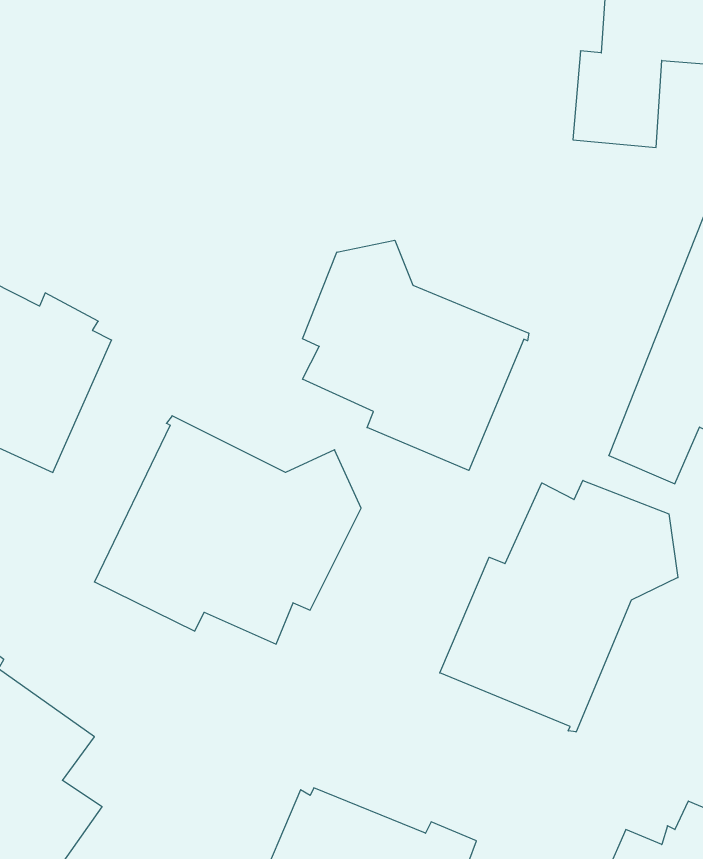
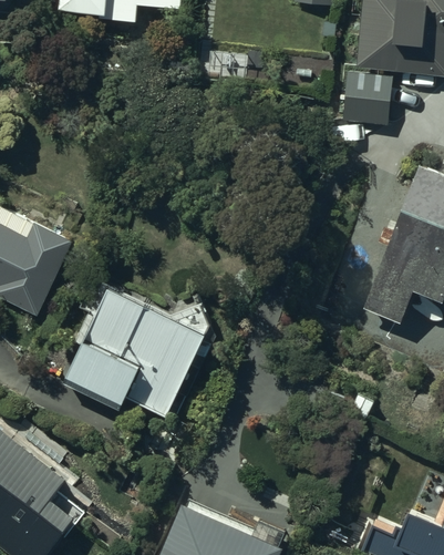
building: [303,240,529,470] -> none
building: [440,480,678,732] -> none

